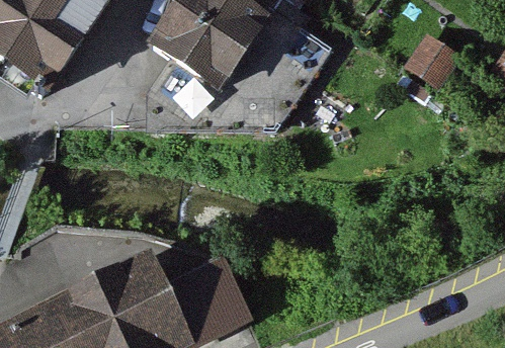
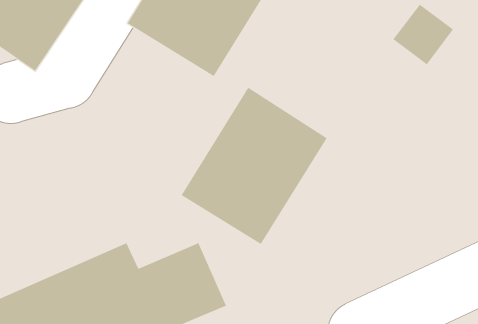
building: none -> [181,87,327,245]

